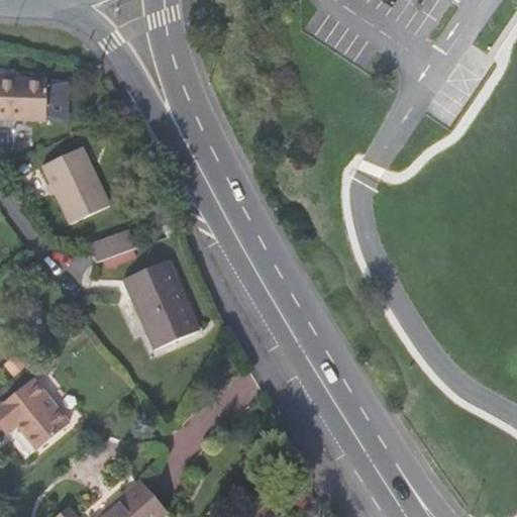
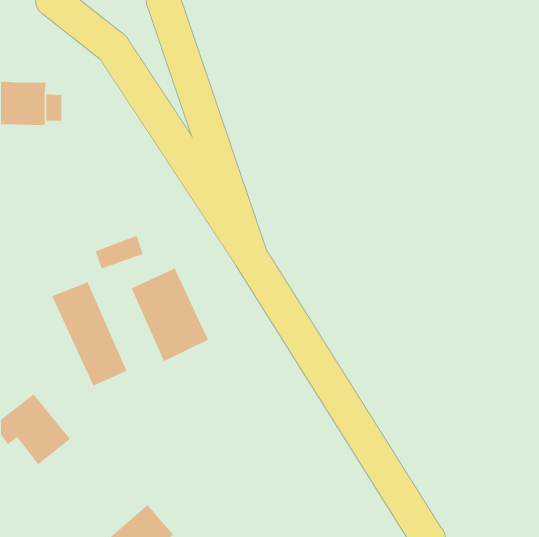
building: [41,145,108,222] -> none
building: none -> [52,282,127,387]

